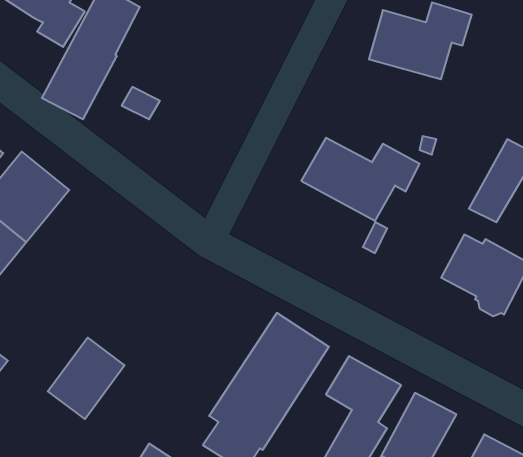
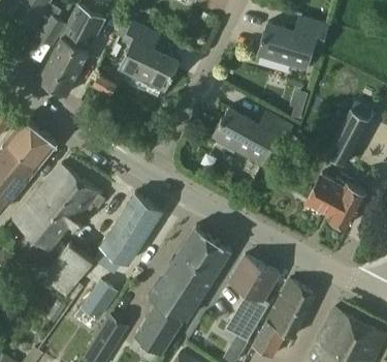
building: none -> [119,24,178,92]
building: none -> [13,164,105,251]
building: none -> [100,194,162,265]
building: none -> [82,280,118,320]

